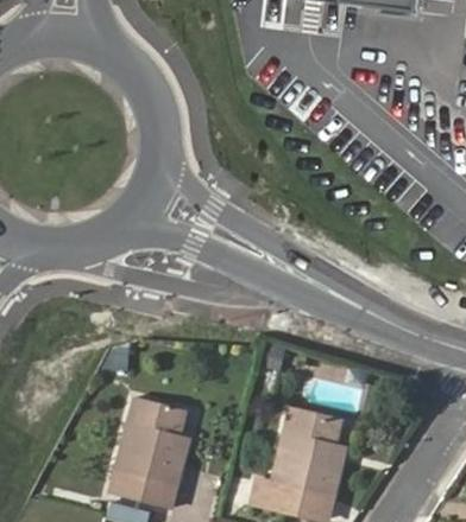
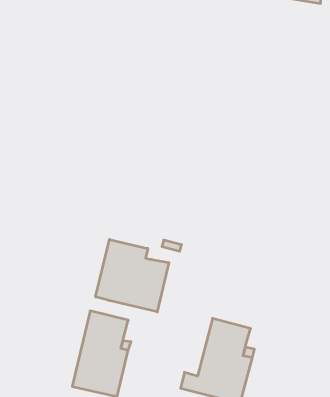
building: none -> [96,239,169,312]

